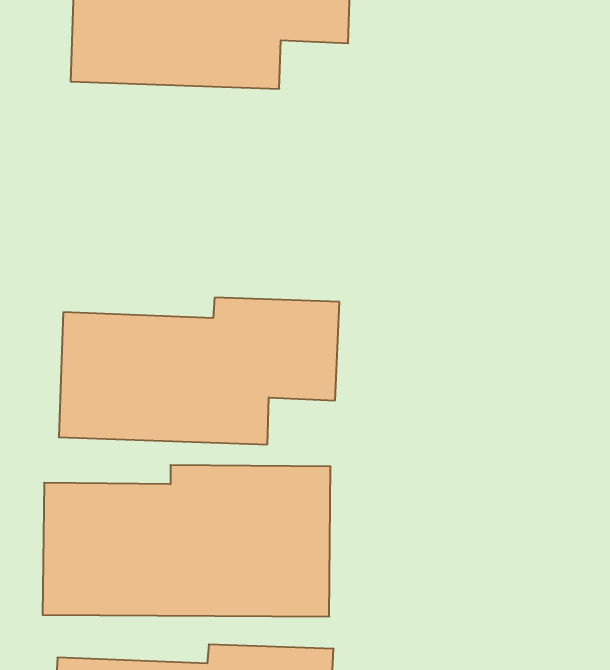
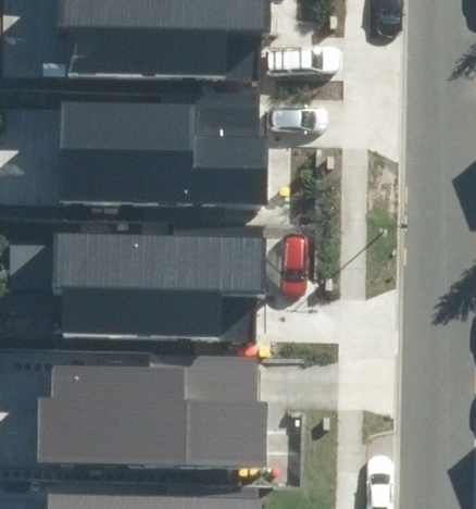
building: none -> [48,101,256,198]

